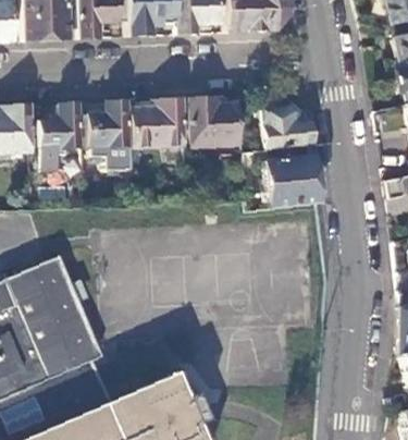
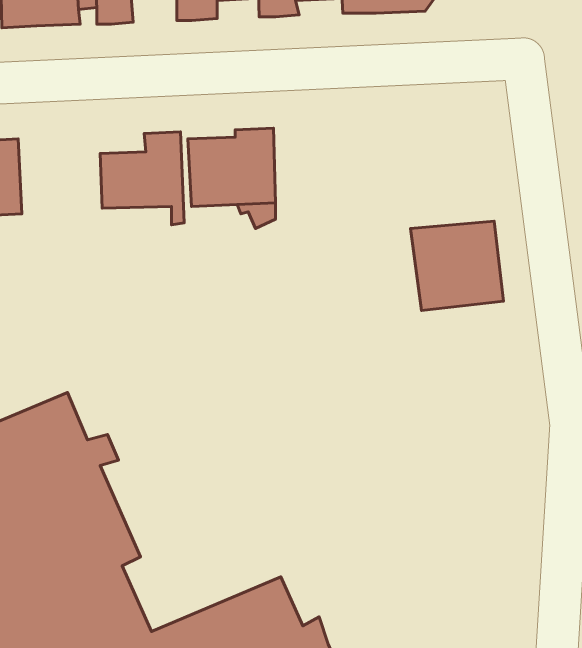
building: [189,99,237,147] -> none
building: [39,105,82,180] -> none
building: [263,106,313,151] -> none

